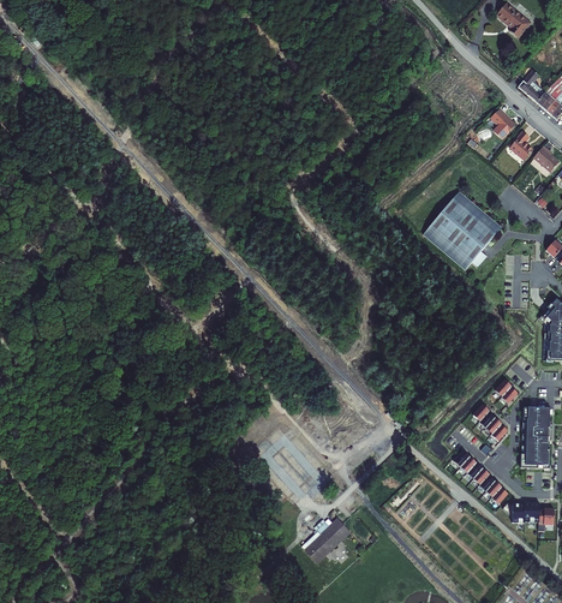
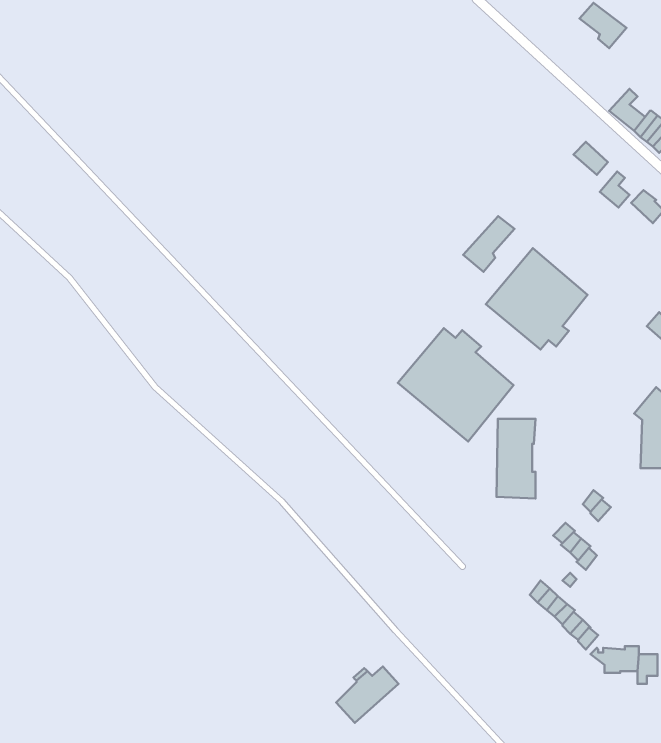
building: none -> [463,216,515,272]
building: none -> [398,328,514,441]
building: [521,406,551,467] -> [496,419,535,498]

